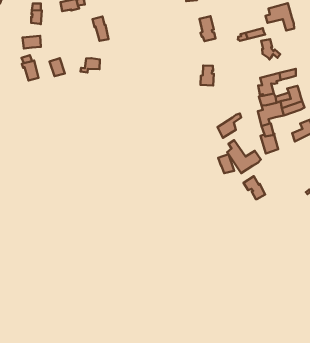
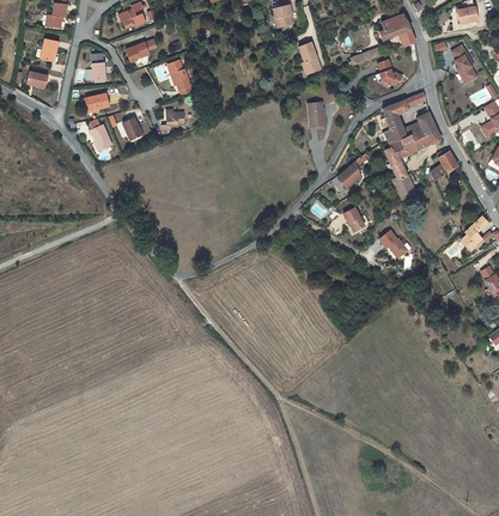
building: [227,140,261,173] -> none

